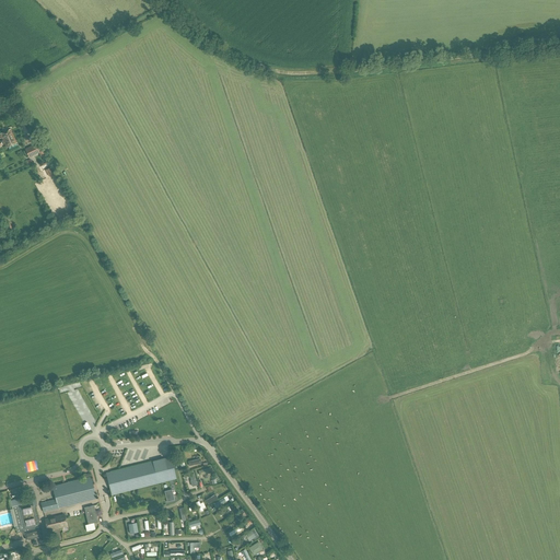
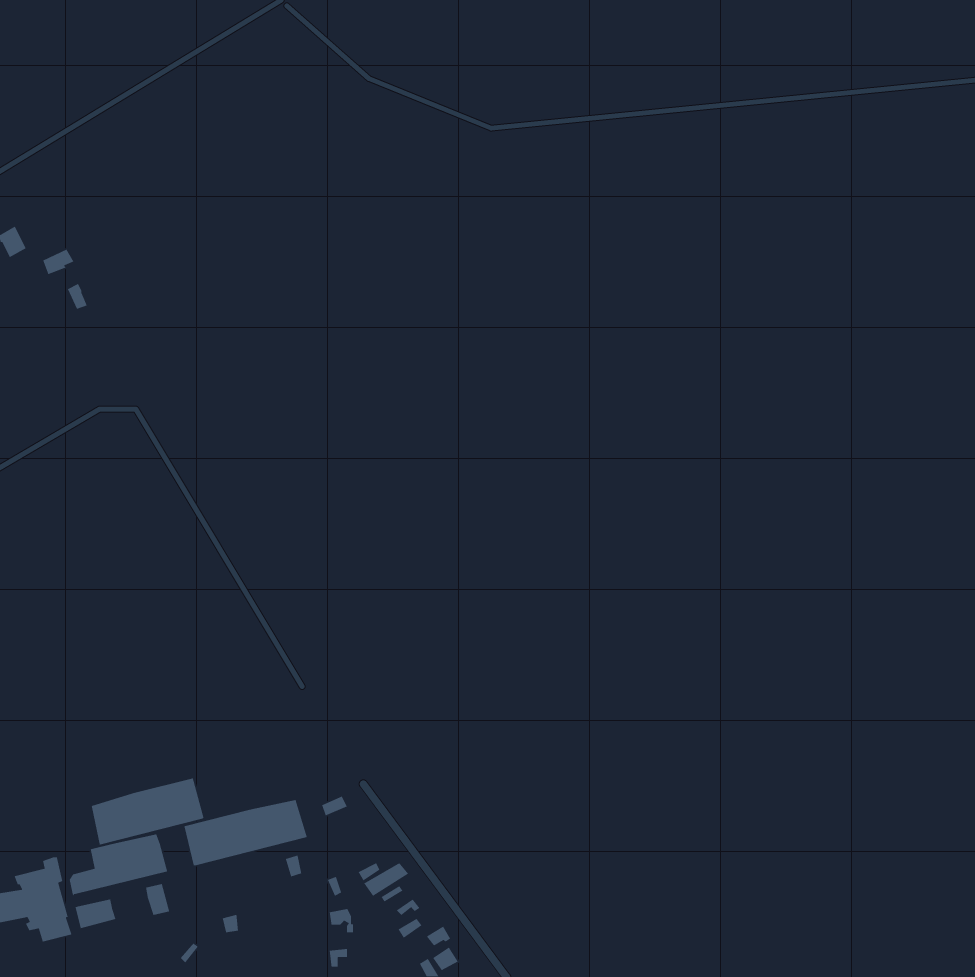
building: none -> [91,777,204,846]

